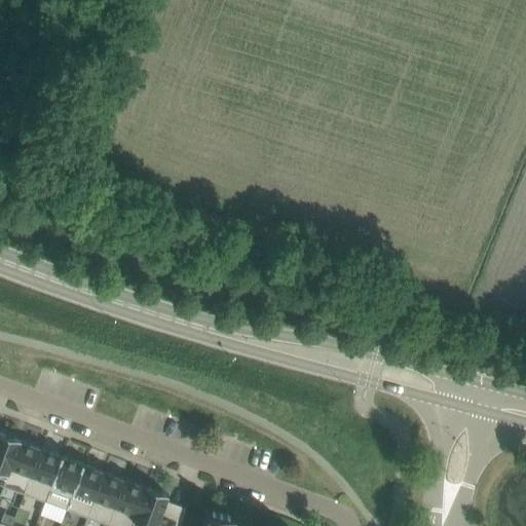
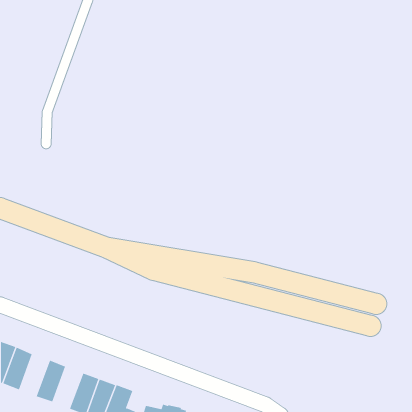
building: [29,452,67,505] -> none
building: [71,467,109,521] -> none

